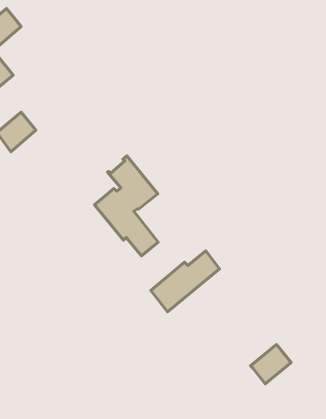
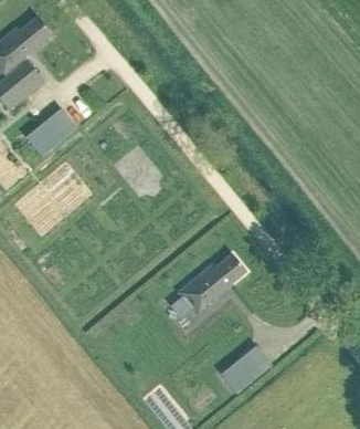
building: [94,156,158,256] -> none
building: [251,344,291,384] -> [222,354,262,393]

